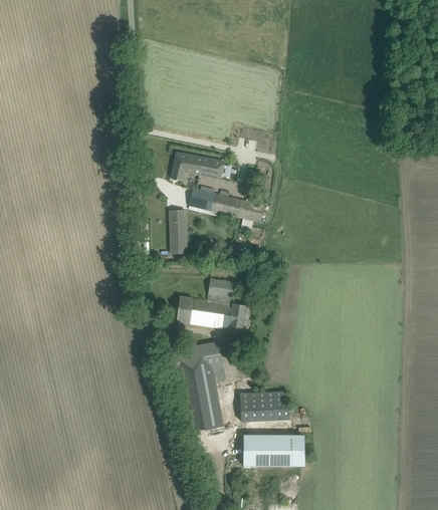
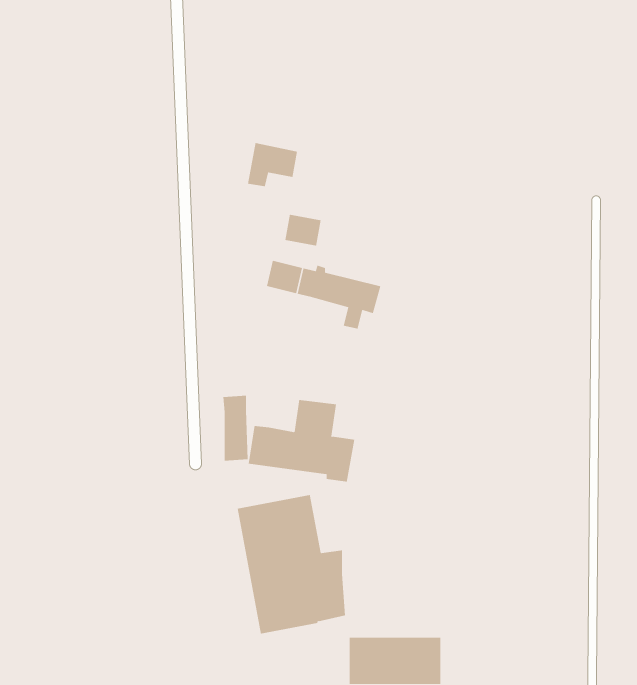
building: [171,152,204,181] -> [247,142,298,187]
building: [169,210,186,253] -> [222,395,248,461]
building: [239,392,289,421] -> none

